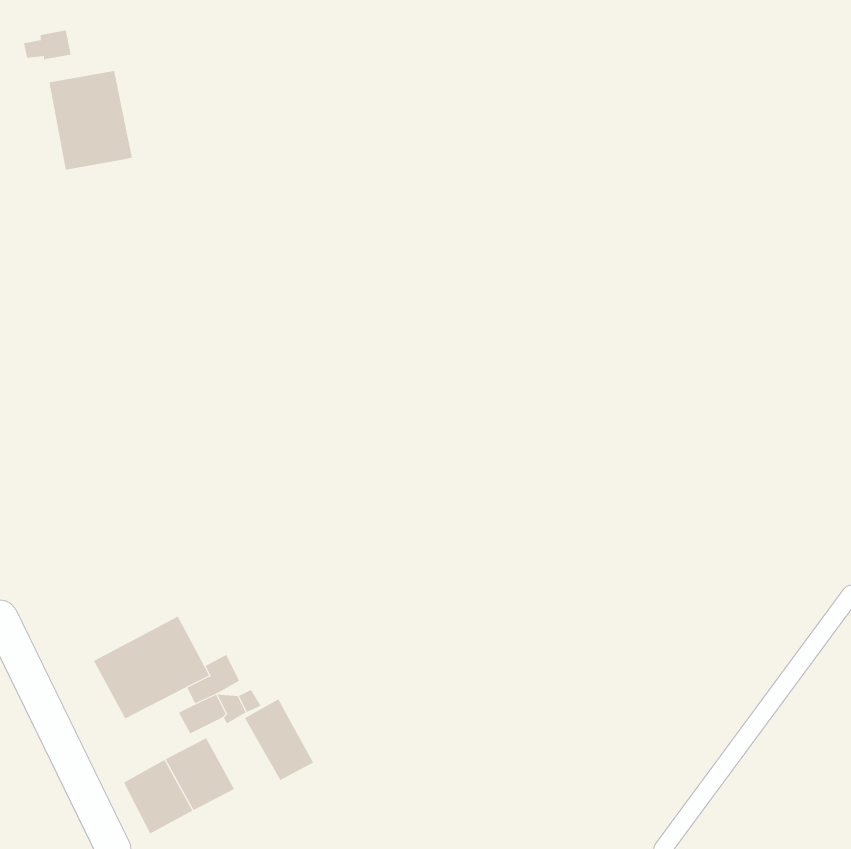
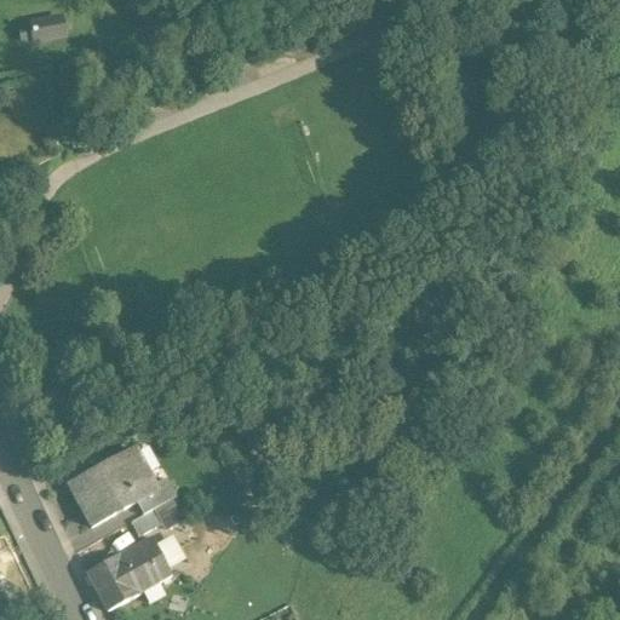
building: [49,70,132,171] -> none
building: [244,698,314,781] -> none

